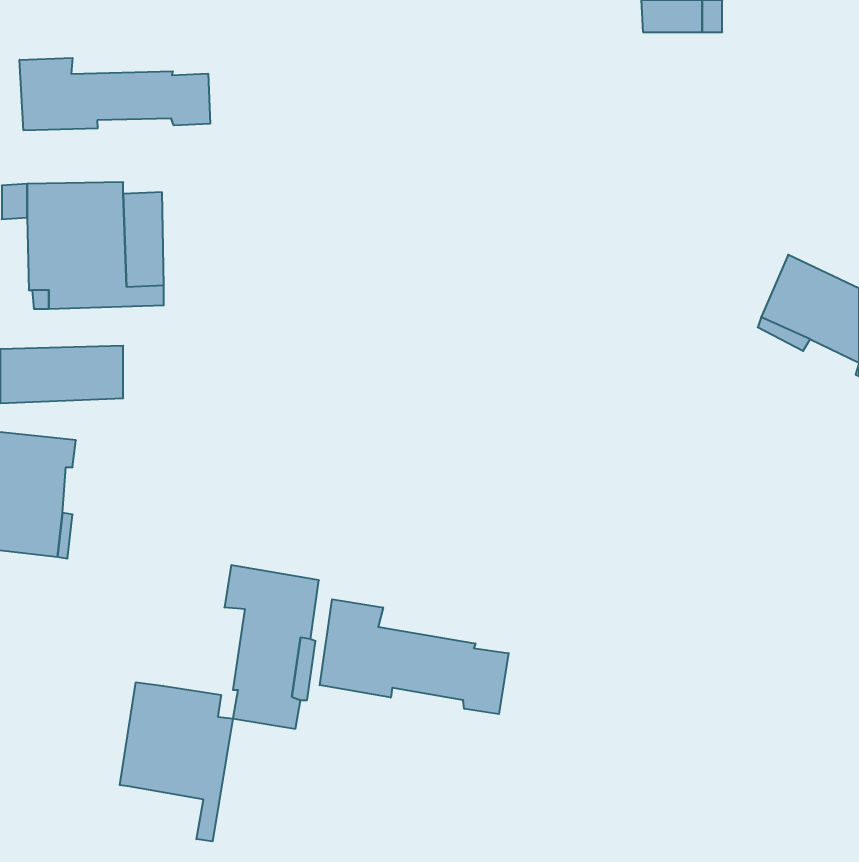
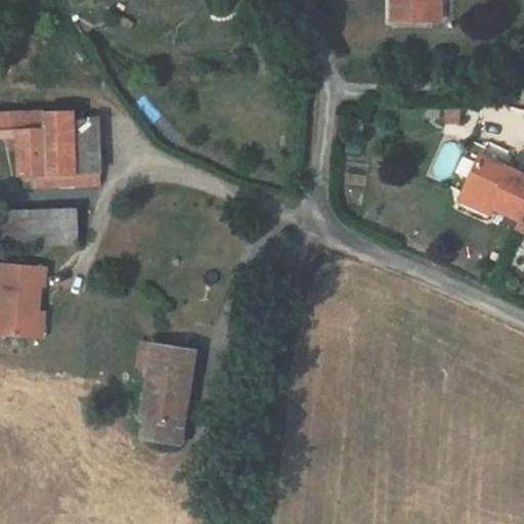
building: [20,58,210,130] -> none
building: [320,599,509,714] -> none
building: [120,682,233,841] -> none

